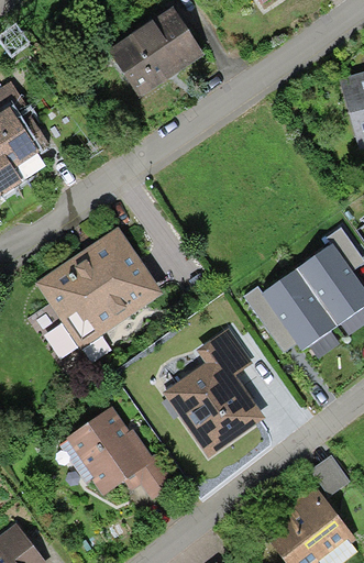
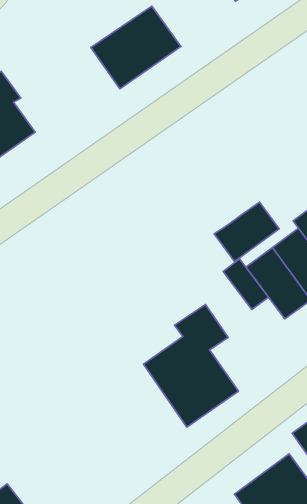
building: none -> [214,202,279,262]
building: [37,229,158,345] -> none
building: [63,407,169,498] -> none

